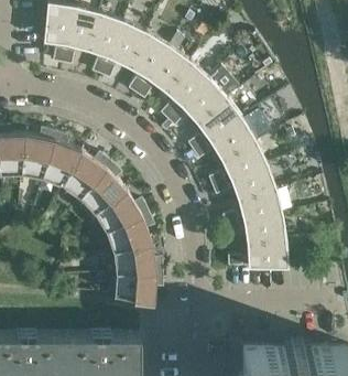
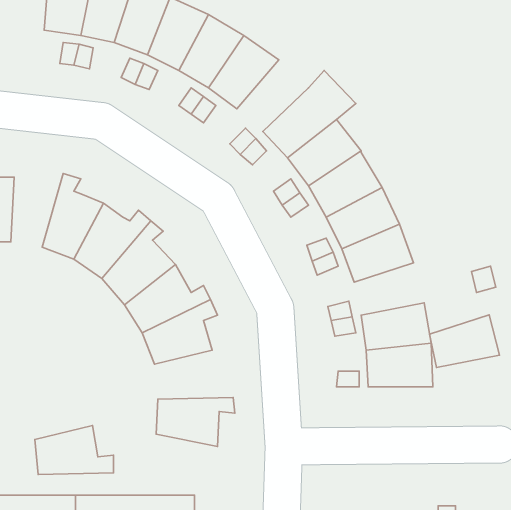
building: [165,62,210,107] -> none
building: [23,130,56,180] -> none
building: [239,190,283,223] -> [430,315,500,367]
building: [113,245,163,276] -> [35,425,113,474]

